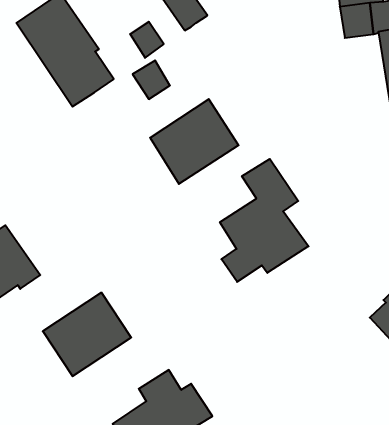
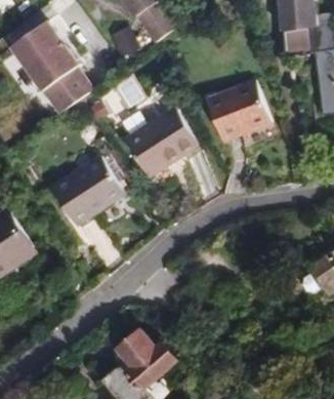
building: none -> [209,81,270,139]
building: [220,159,309,282] -> none
building: [43,293,131,376] -> [52,156,125,225]

